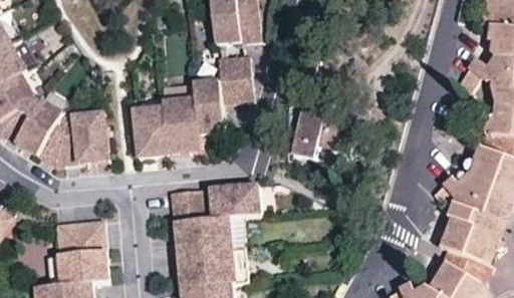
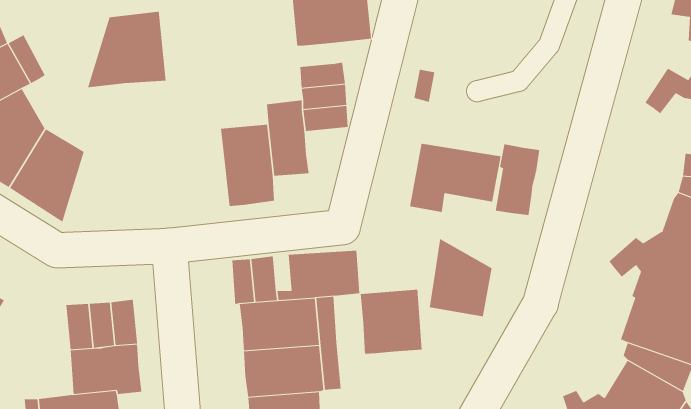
building: [134,108,169,157] -> none
building: none -> [495,143,540,216]
building: [53,112,108,166] -> [87,11,167,88]
building: none -> [429,238,492,317]
building: none -> [360,289,422,355]

